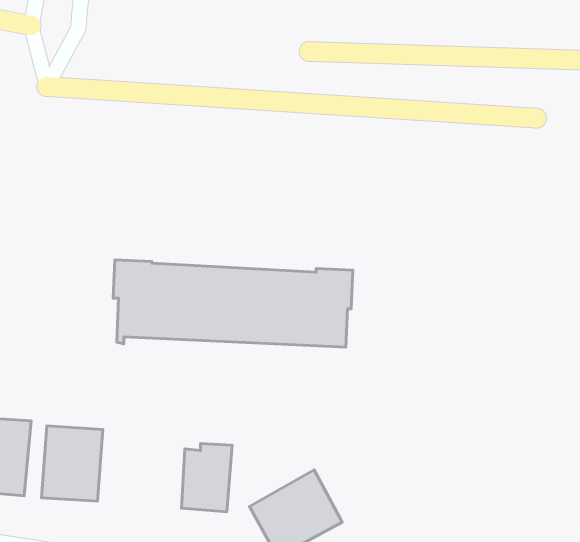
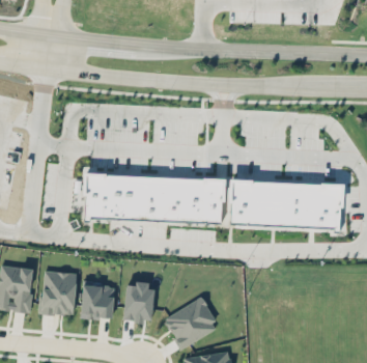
building: none -> [228,178,343,232]
building: none -> [81,283,114,319]

